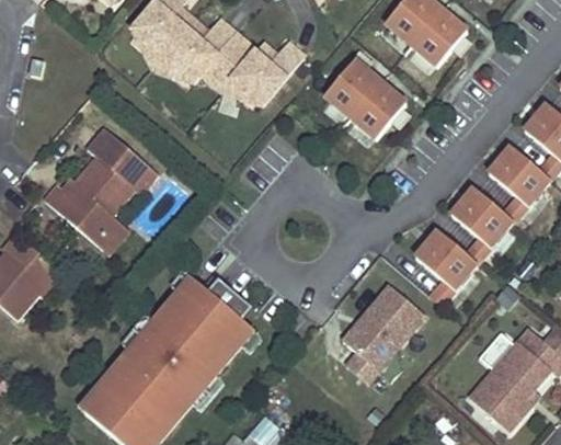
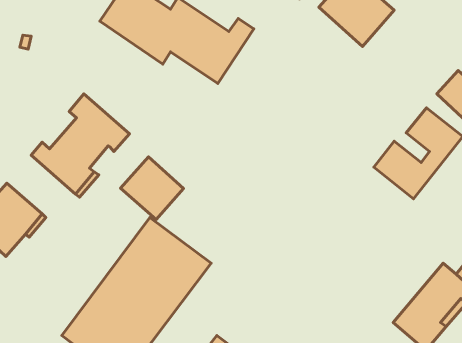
building: [320,55,410,144] -> none
building: none -> [120,157,184,220]
building: [413,226,480,306] -> none
building: [330,283,427,384] -> none

